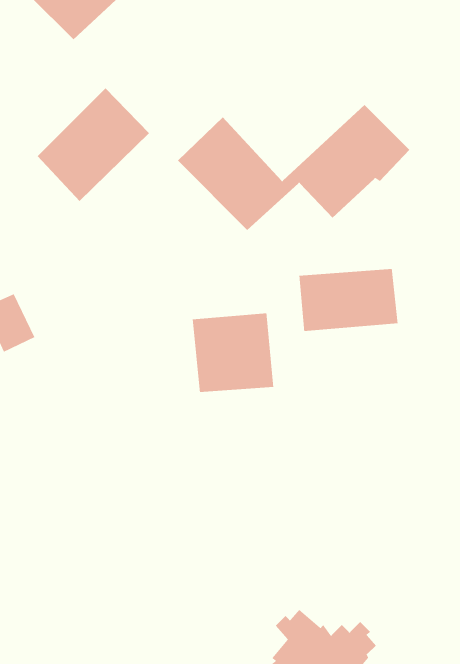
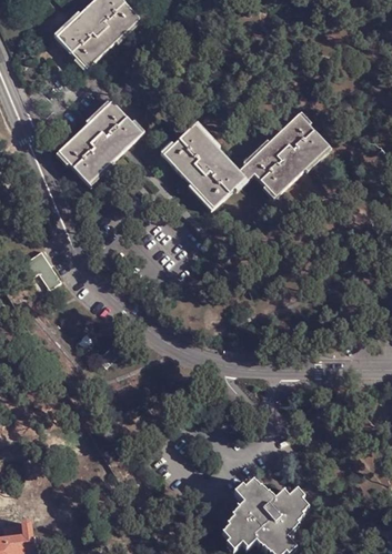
building: [298,268,399,332] -> none
building: [192,312,274,393] -> none

